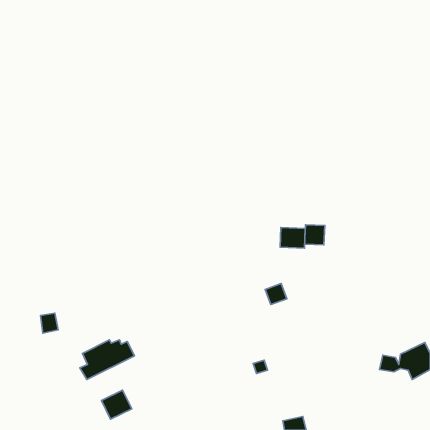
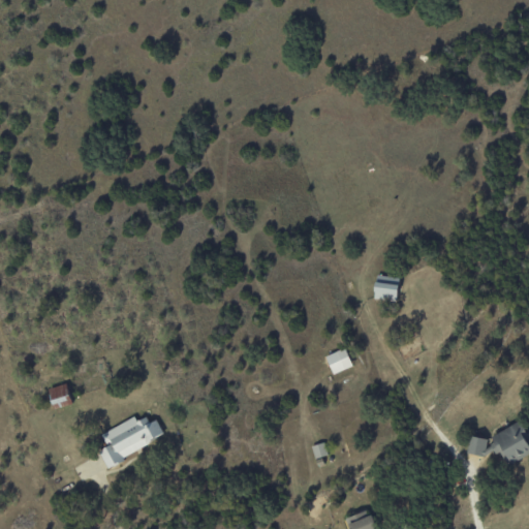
building: [280,227,305,248] -> none
building: [101,390,132,419] -> none

